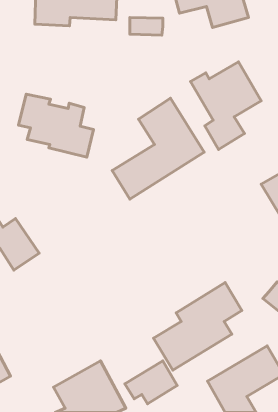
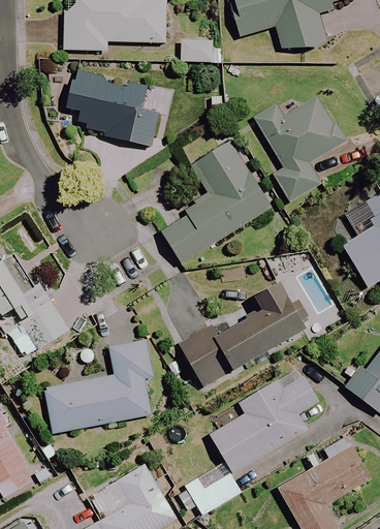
building: [19,94,94,157] -> [66,69,158,147]
building: none -> [178,284,306,390]
building: none -> [43,339,153,434]

